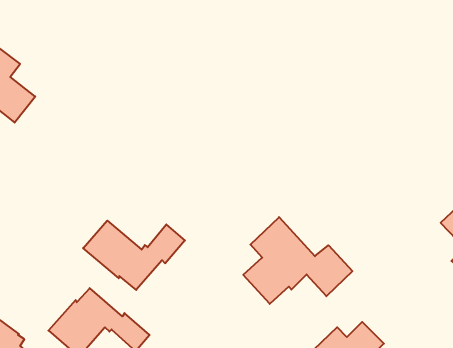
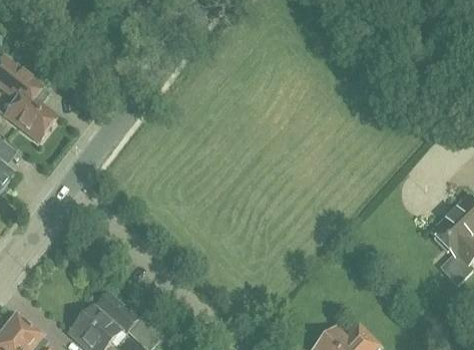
building: [243,217,352,304] -> none
building: [83,221,185,290] -> none

